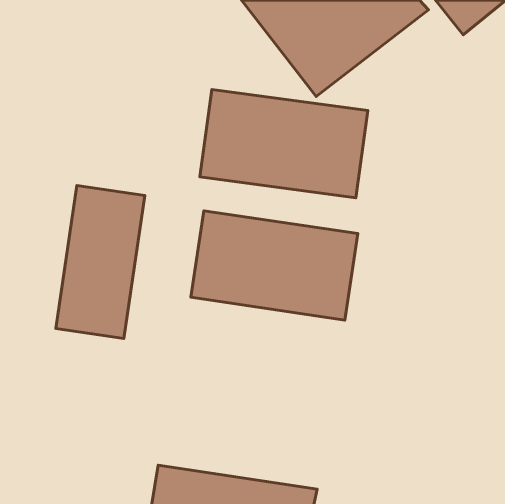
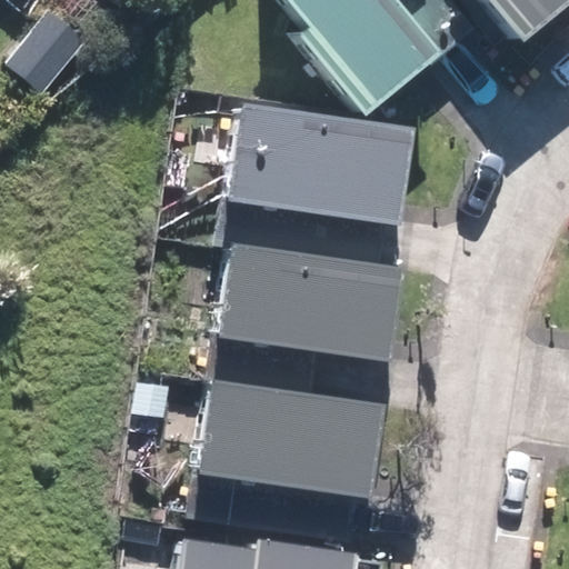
building: [56,186,145,338] -> none
building: none -> [196,377,383,497]

